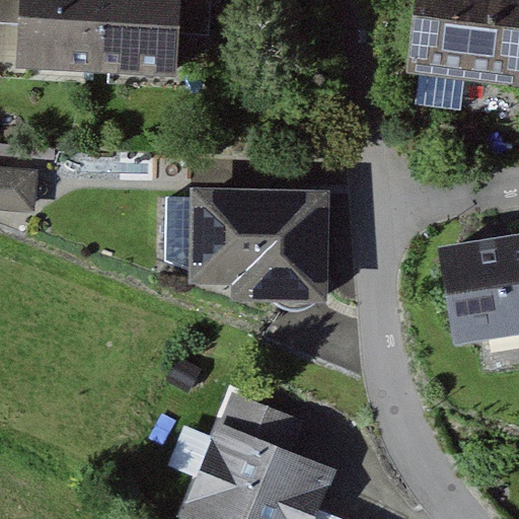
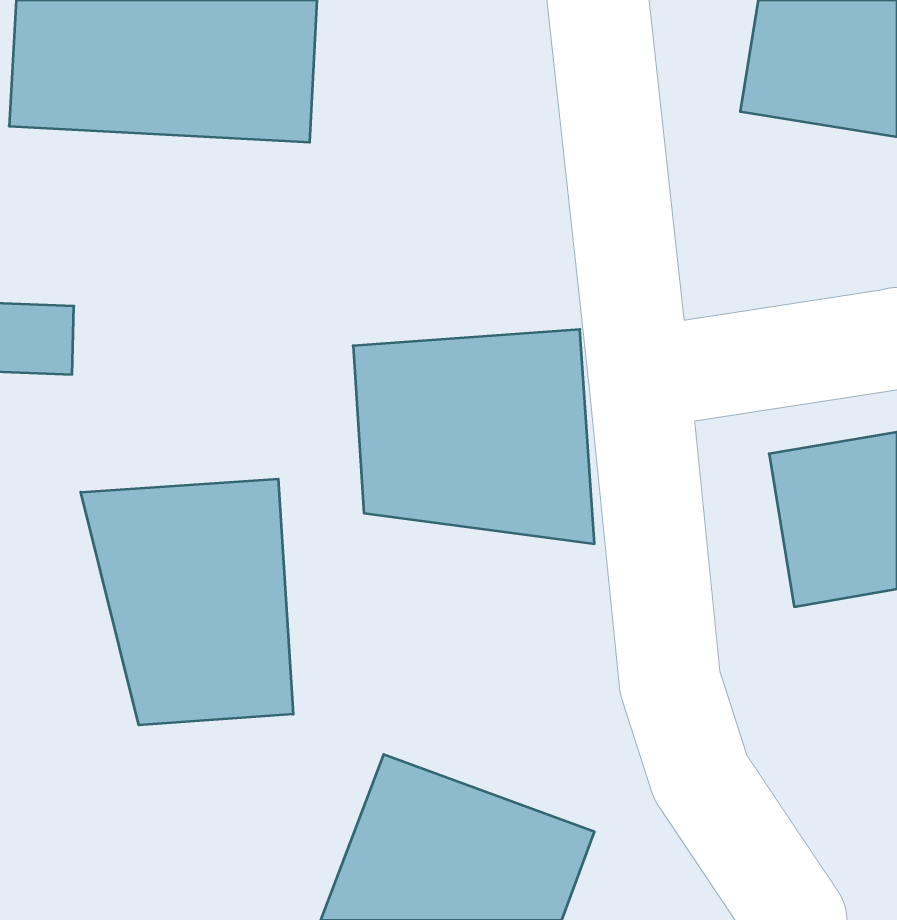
building: none -> [81,479,293,725]

